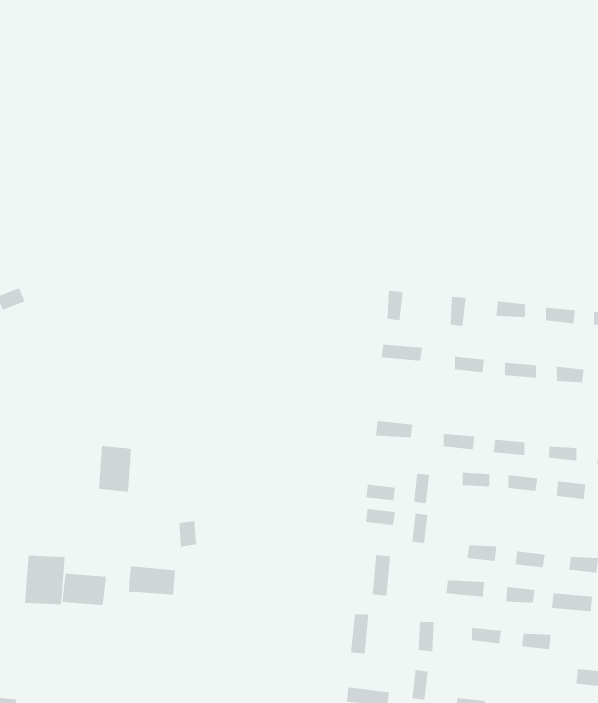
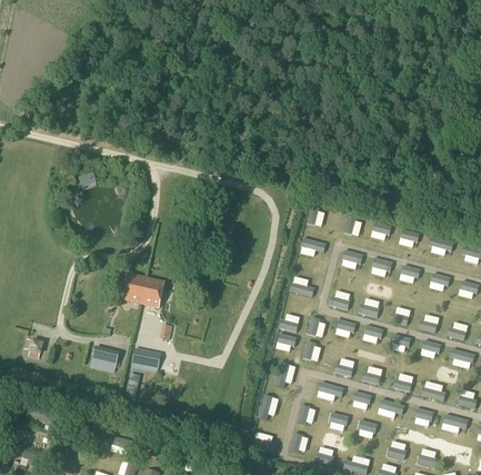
building: none -> [140,277,164,307]
building: [24,555,65,605] -> none

